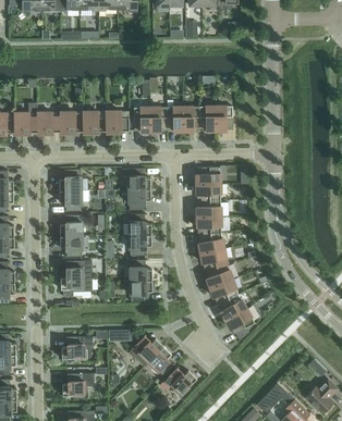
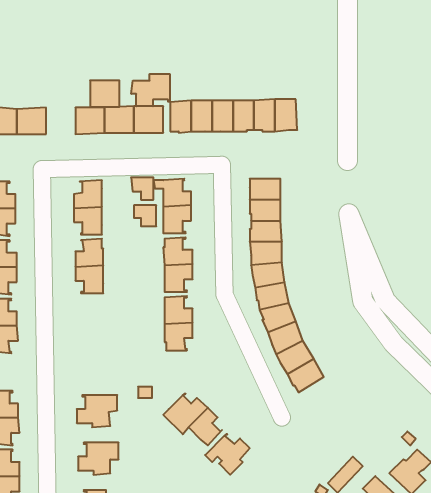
building: none -> [131,74,170,106]
building: [37,112,60,133] -> [90,80,119,107]
building: [60,260,93,296] -> none

